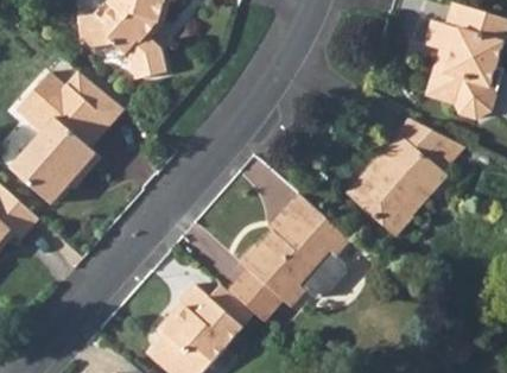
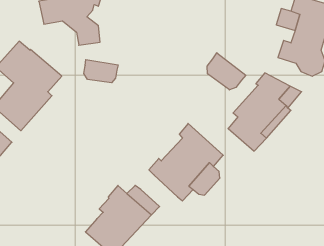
building: none -> [207,53,246,90]
building: none -> [84,60,118,83]
building: [226,266,279,320] -> none

